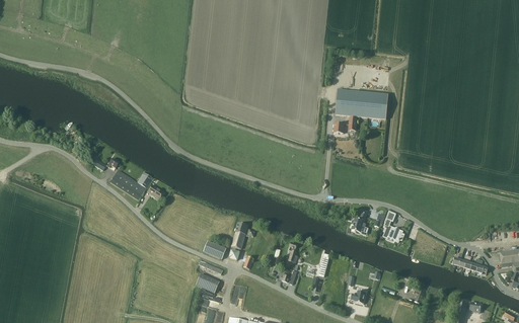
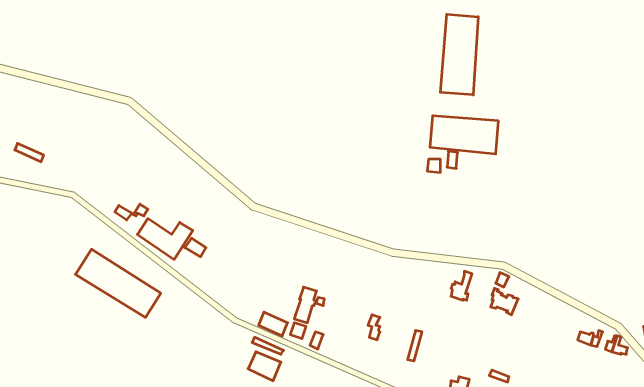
building: none -> [440,14,478,95]
building: none -> [75,249,161,317]

